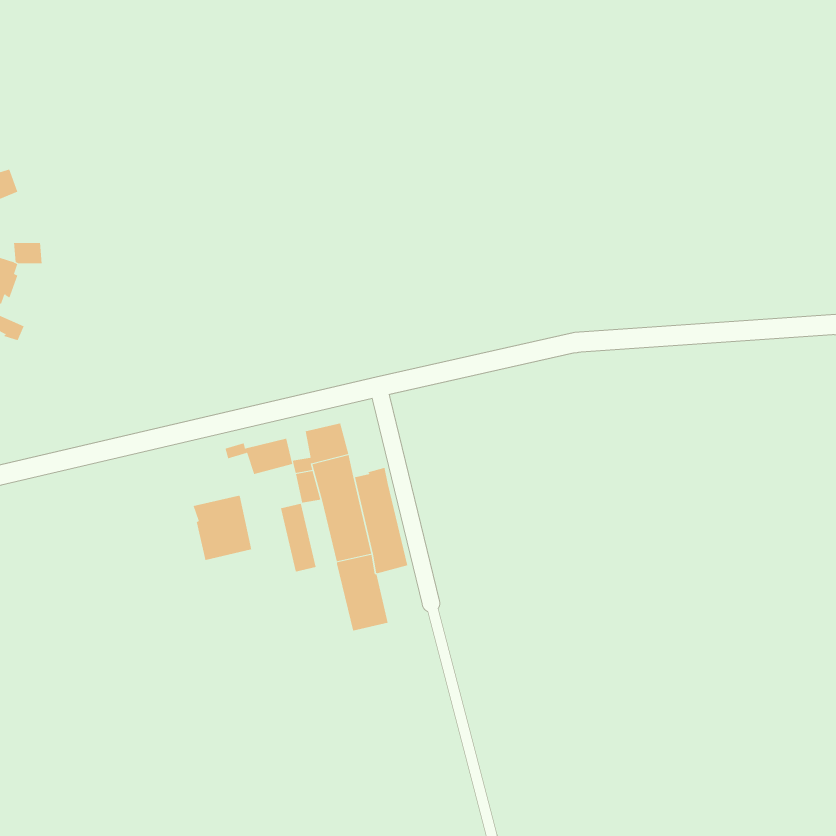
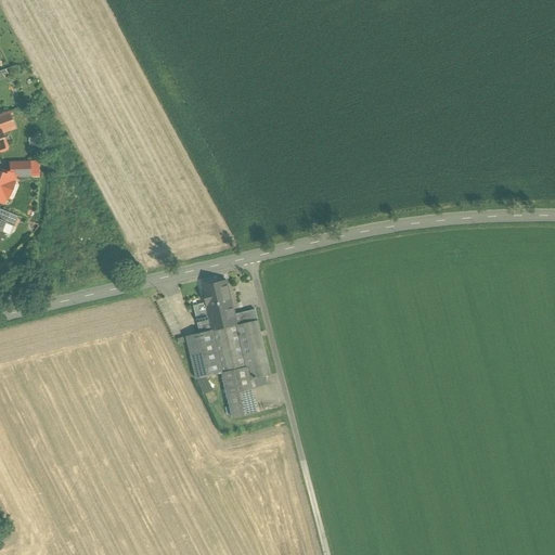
building: [225,438,293,475] -> none
building: [193,495,252,561] -> none

